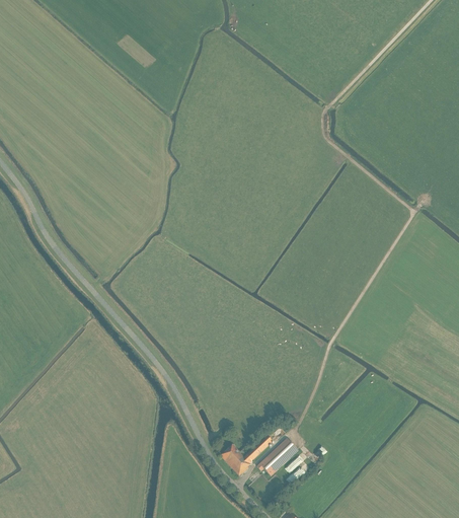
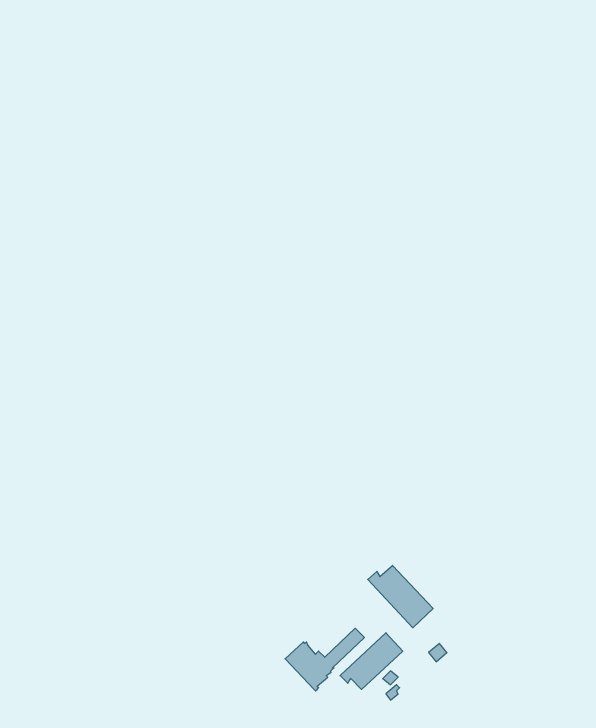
building: none -> [368,565,433,628]

